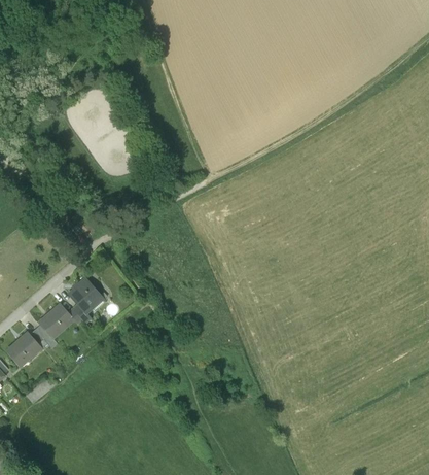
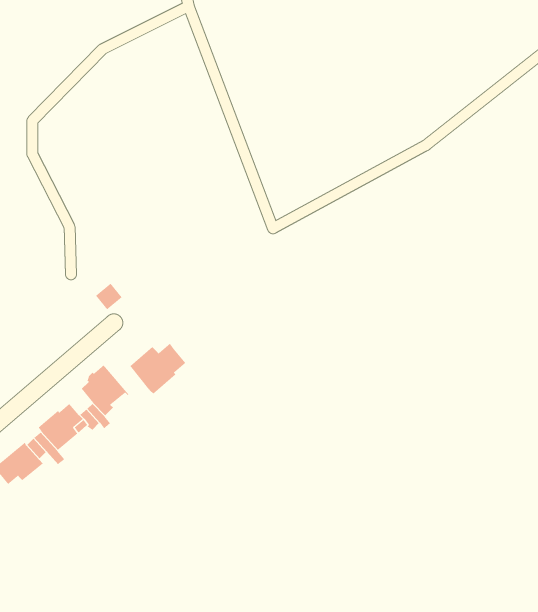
building: none -> [129,343,186,394]

